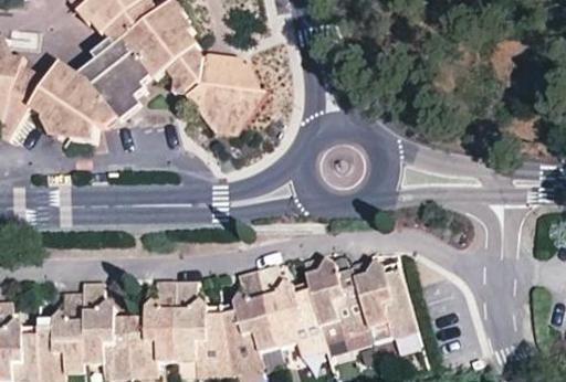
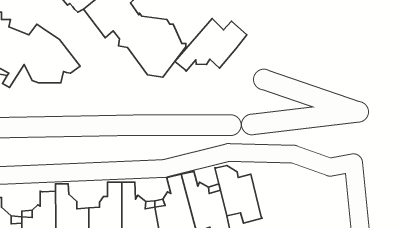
building: [80,43,151,121] -> none
building: none -> [175,18,247,71]
building: [354,259,418,340] -> none

